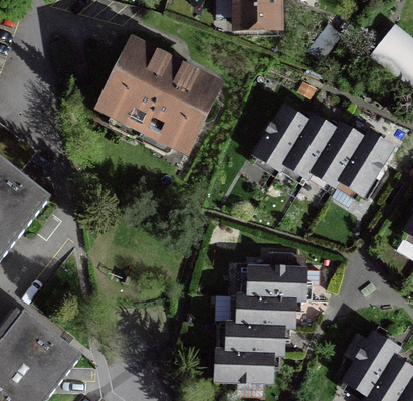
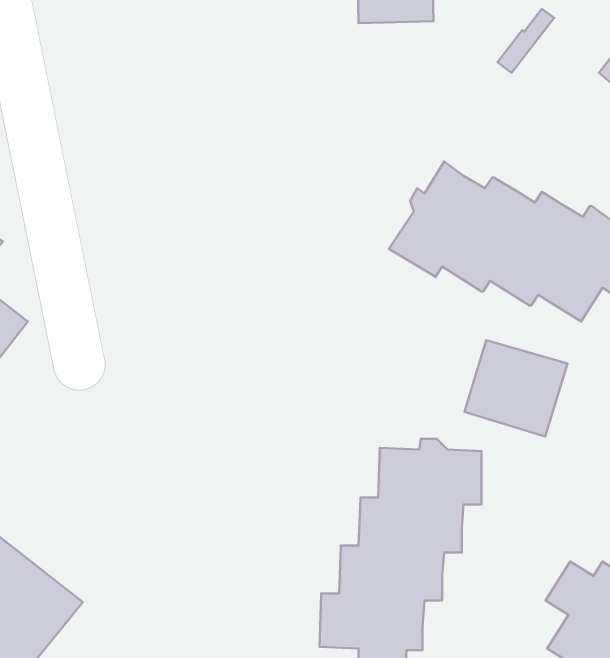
building: [105,44,215,144] -> none
building: none -> [464,340,567,436]

